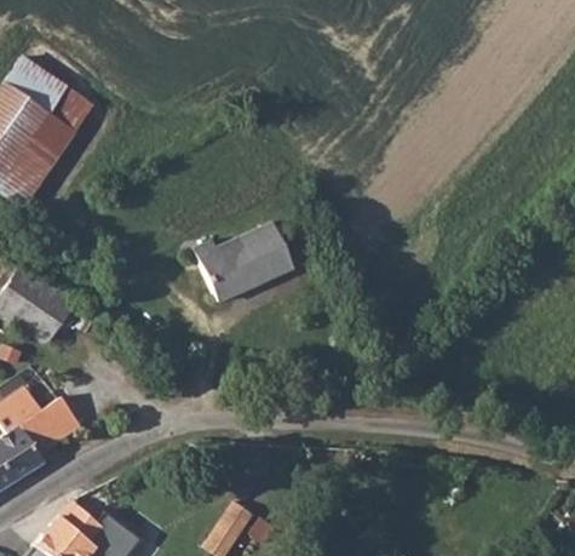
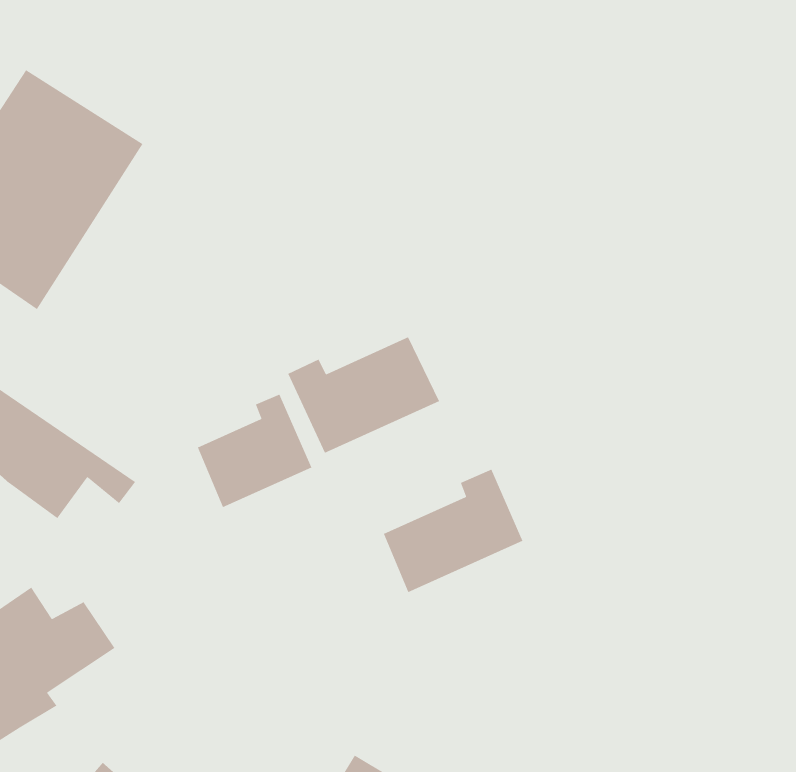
building: none -> [197,394,312,508]
building: none -> [383,469,523,593]

